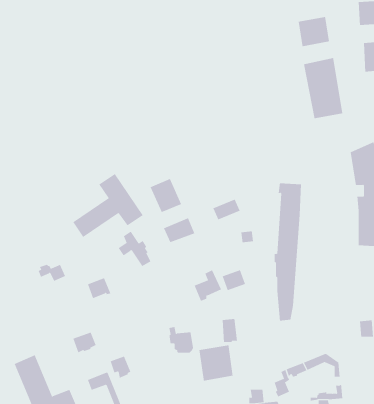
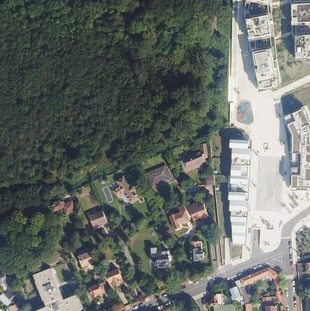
building: [73,173,144,238] -> none
building: [150,178,182,213] -> none
building: [199,344,233,381] -> none

